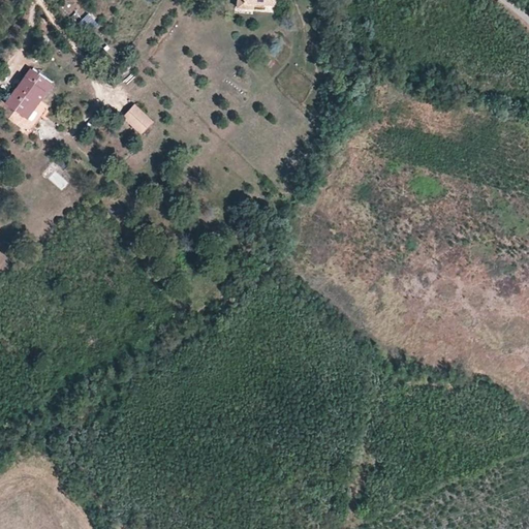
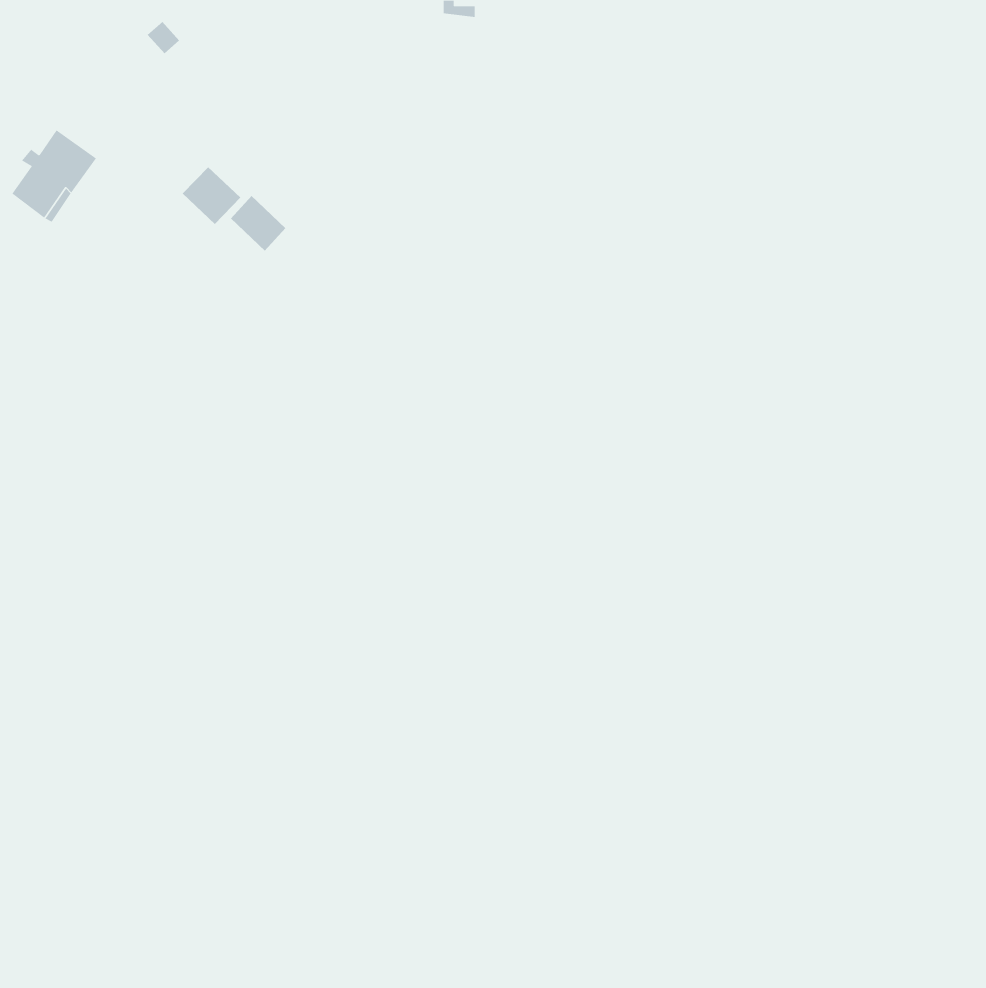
building: none -> [182,166,241,225]

